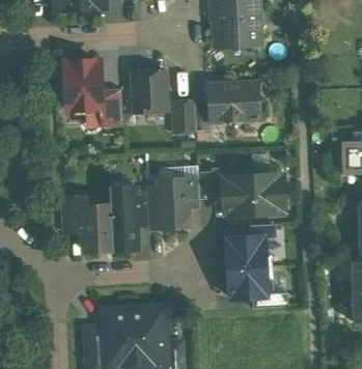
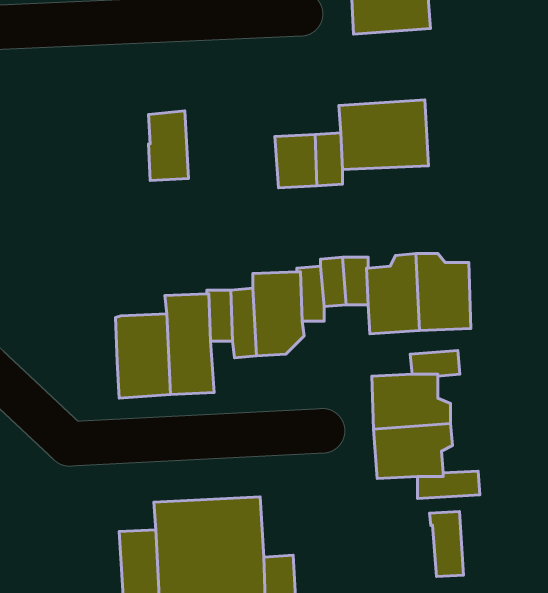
building: [65,61,101,114] -> none
building: [132,70,167,113] -> none
building: [59,197,84,231] -> none
building: none -> [430,511,463,576]

